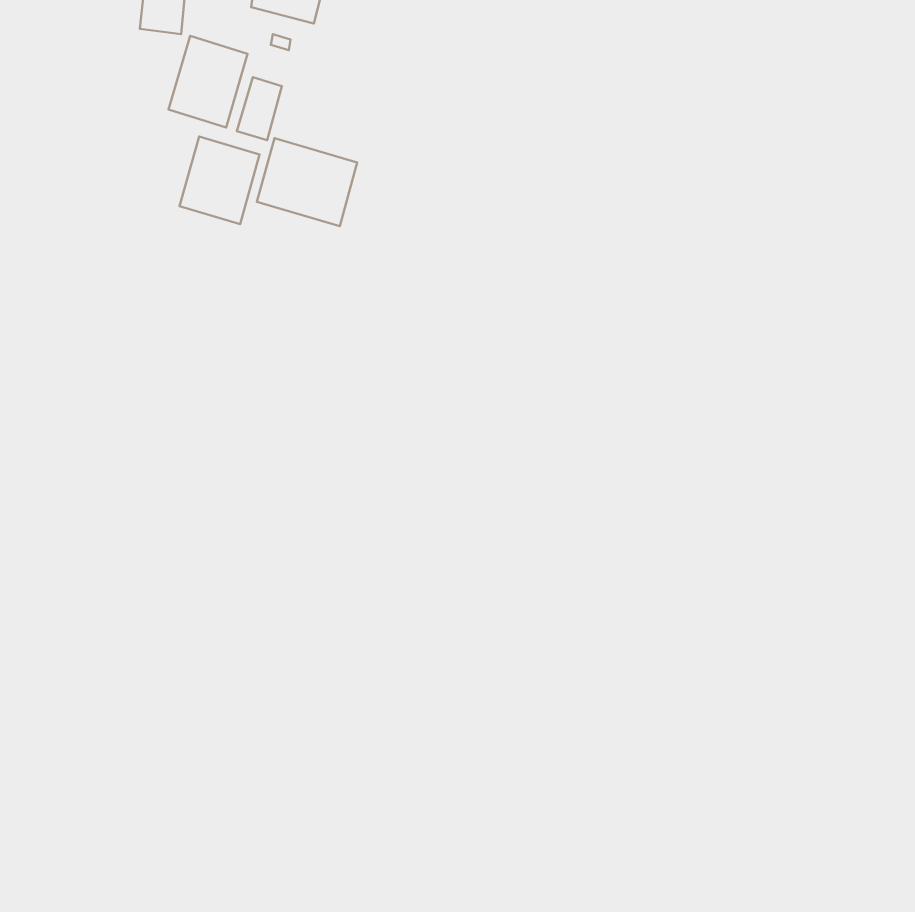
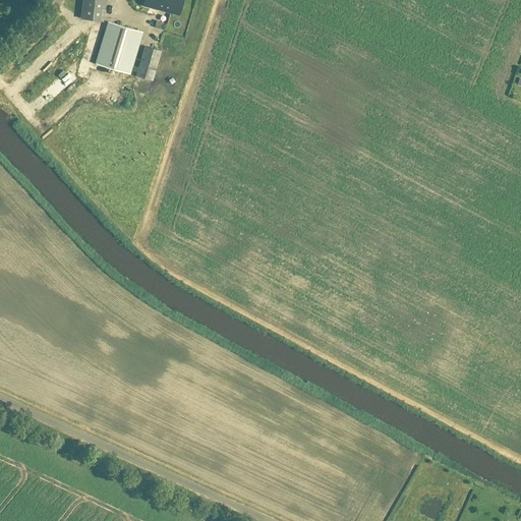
building: [179,137,260,224] -> none
building: [257,138,357,226] -> none

